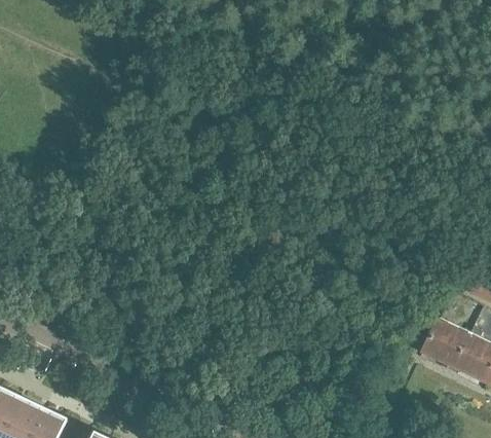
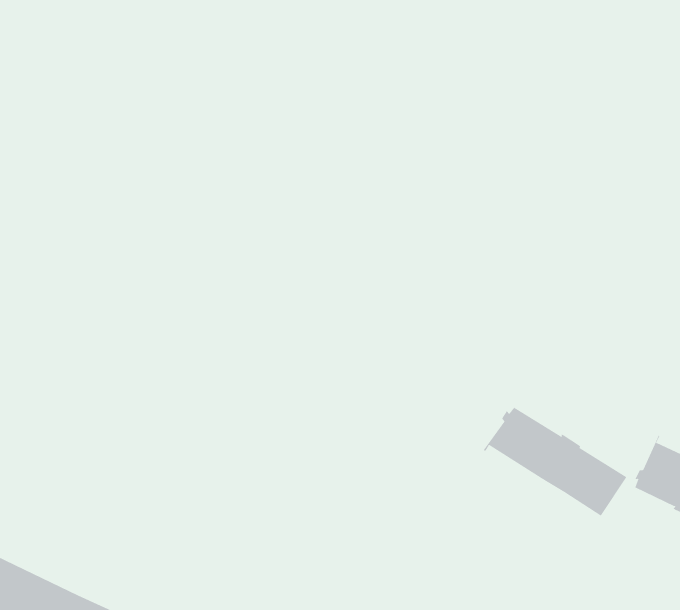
building: none -> [483,407,627,516]

